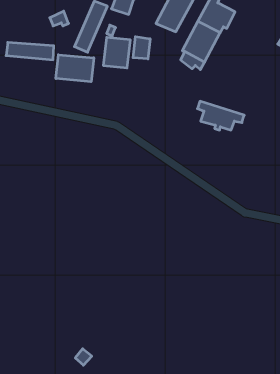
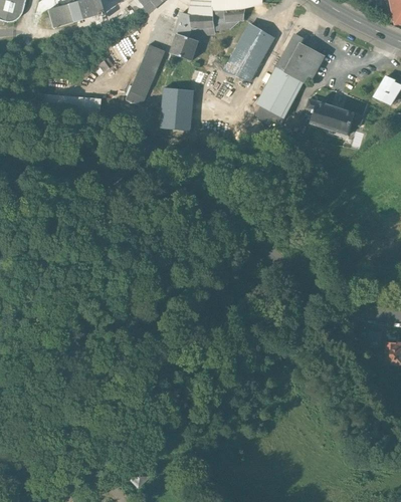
building: [133,37,150,59] -> none
building: [56,55,94,82] -> none
building: [197,101,244,130] -> [307,98,364,134]

